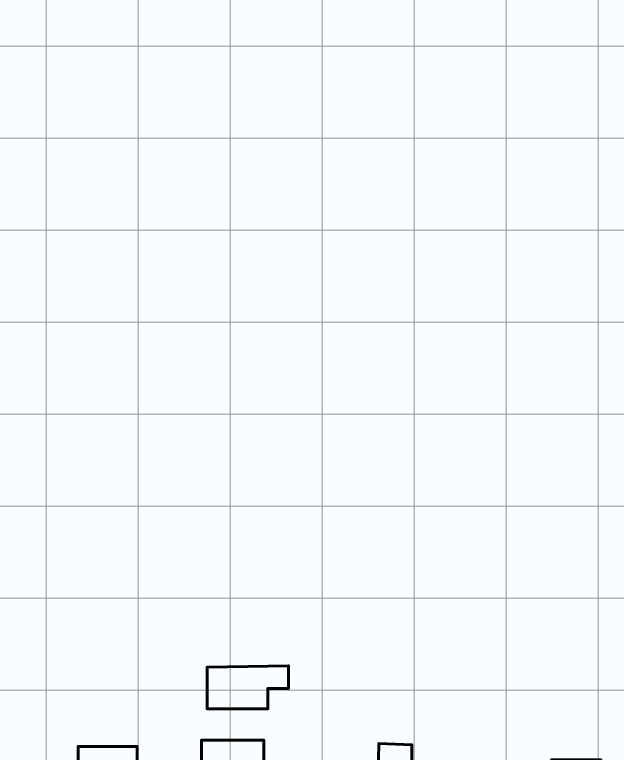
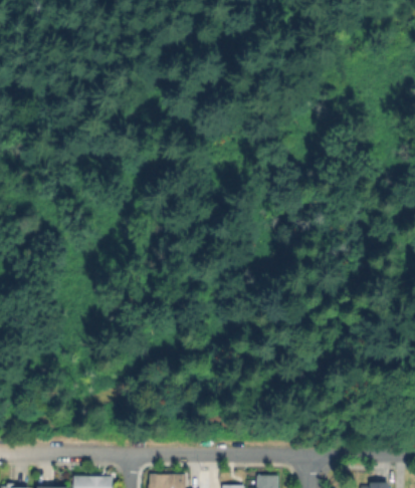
building: [207,666,288,709] -> none

